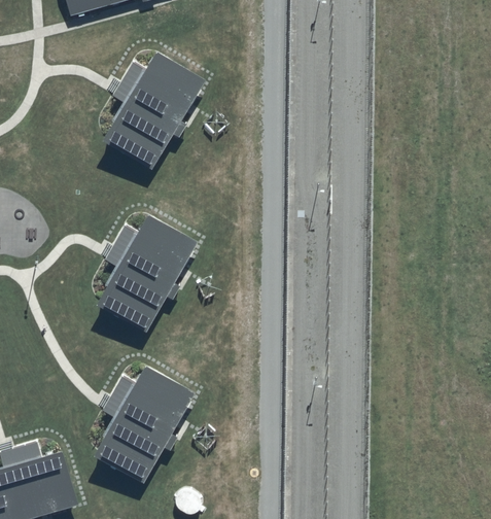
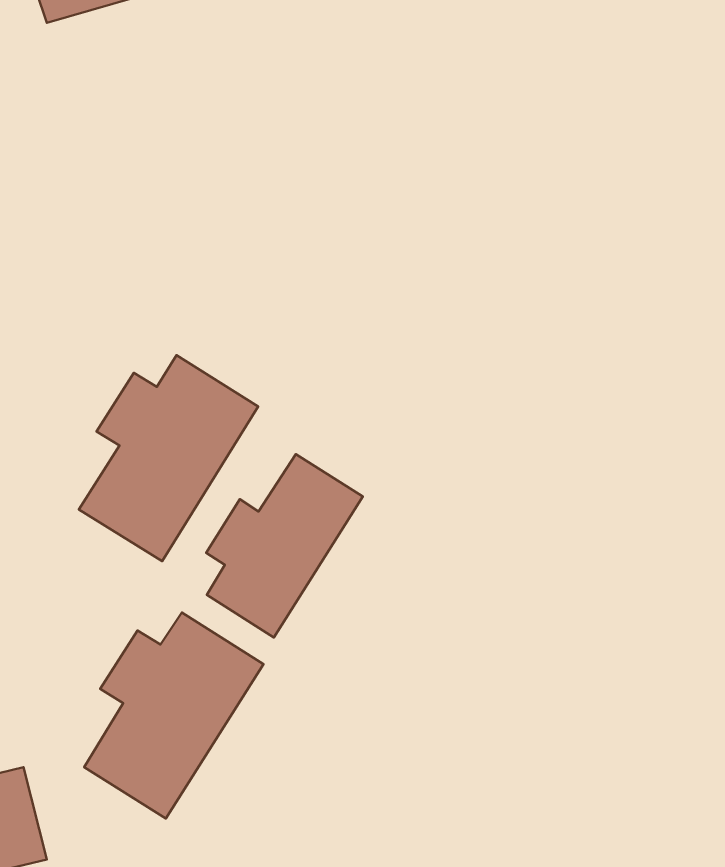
building: [105,47,209,167] -> none
building: none -> [206,454,363,637]

